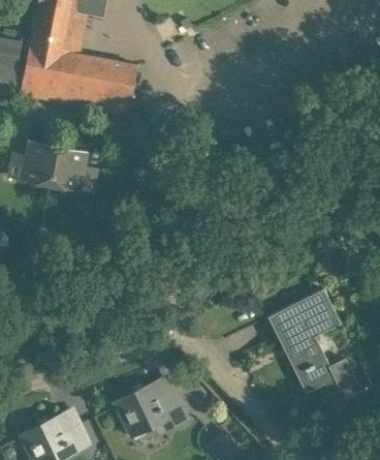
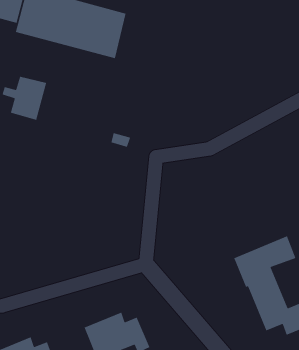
building: [51,145,98,191] -> none

